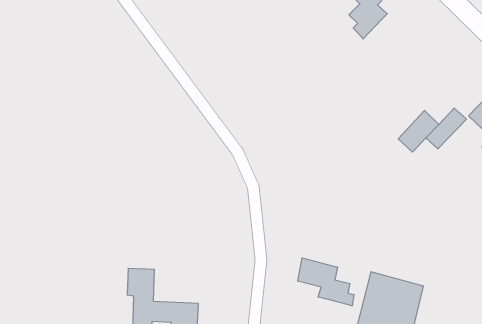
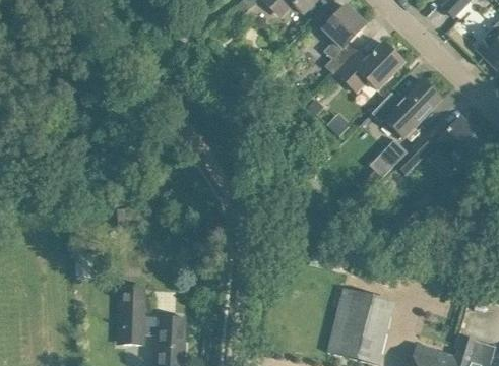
building: none -> [337,42,404,92]
building: none -> [372,78,442,137]
building: [298,258,354,306] -> none

